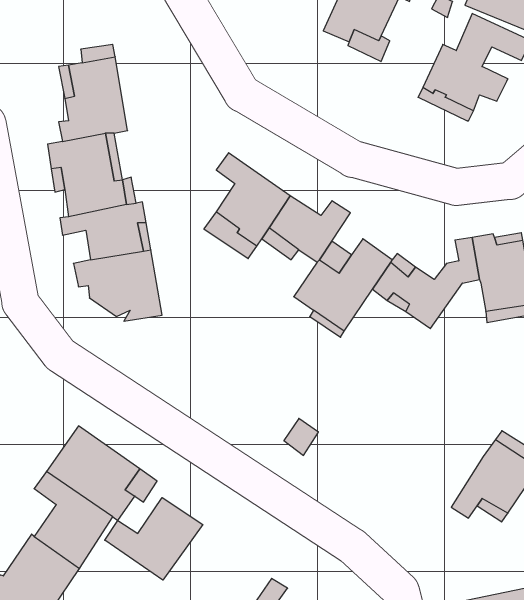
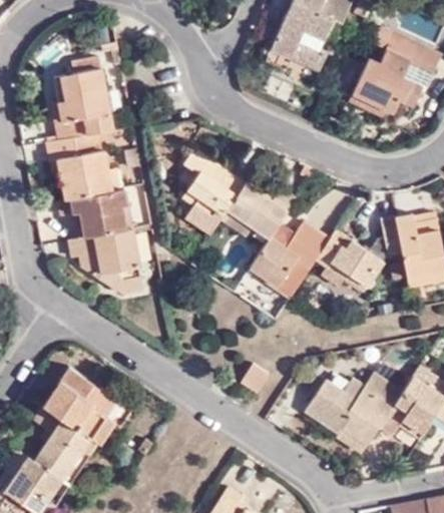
building: none -> [303,374,402,458]
building: [105,498,203,580] -> none

